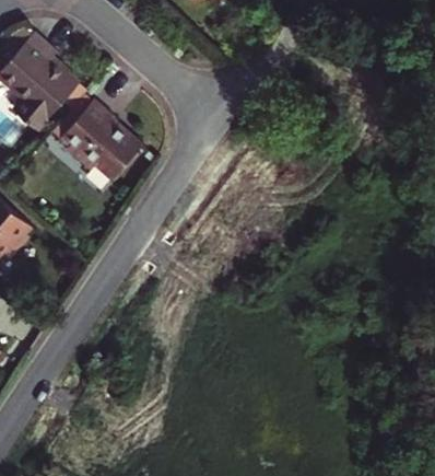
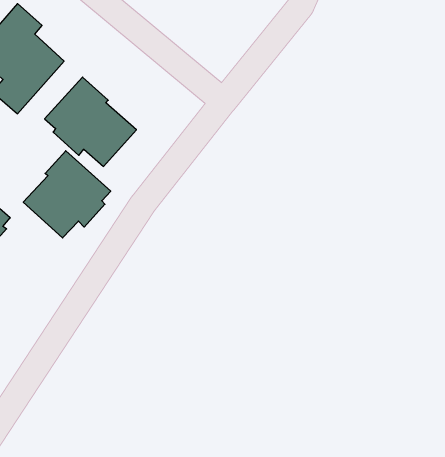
building: none -> [23,151,111,238]

